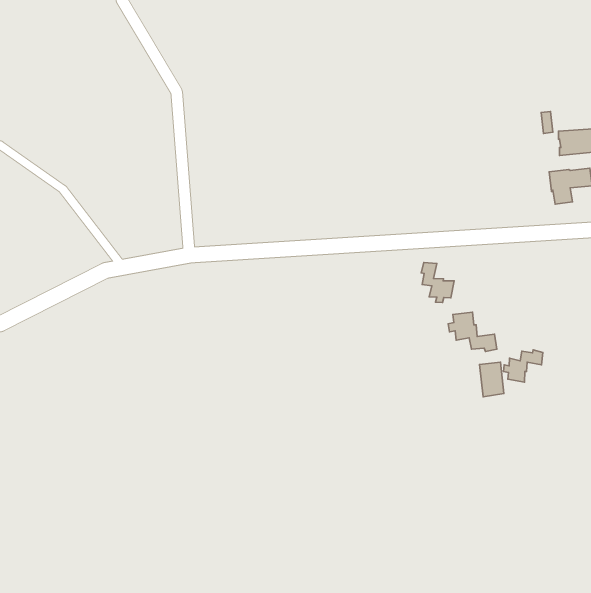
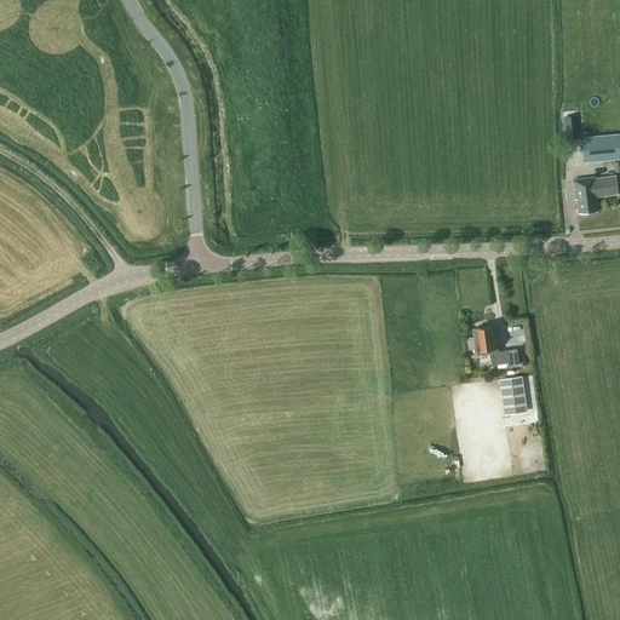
building: [421,263,454,303] -> none
building: [504,350,543,382] -> none

